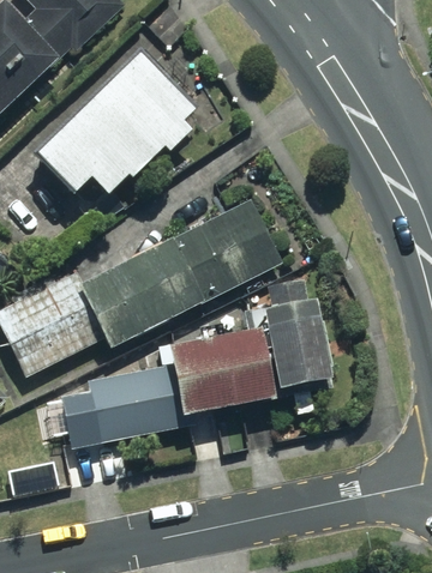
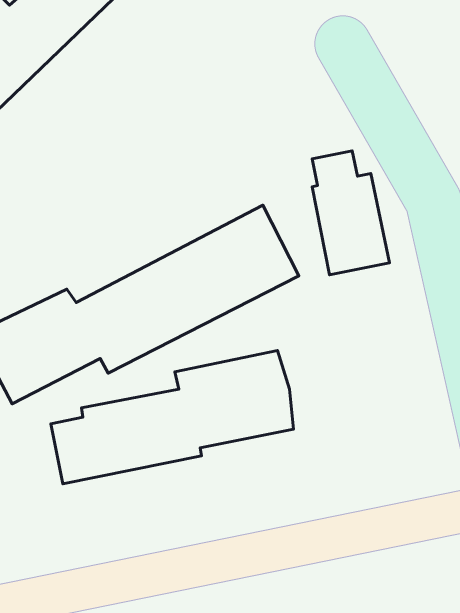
building: [37,53,197,197] -> none
building: [265,279,335,391] -> [312,151,390,275]

